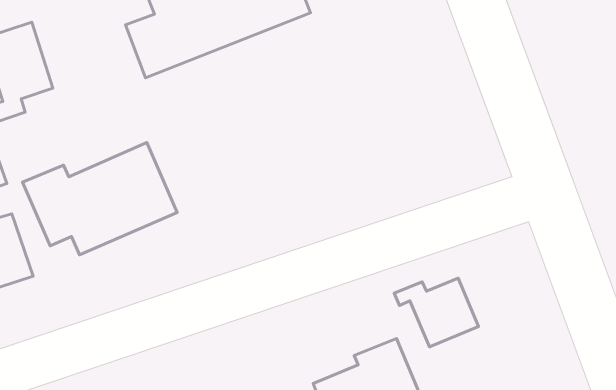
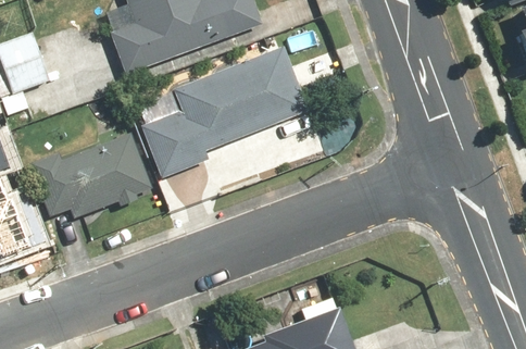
building: none -> [140,46,310,179]
building: [394,278,479,347] -> none

